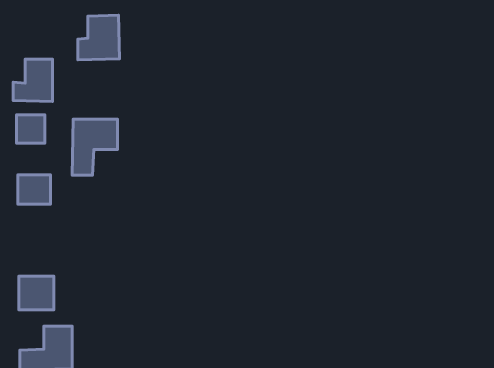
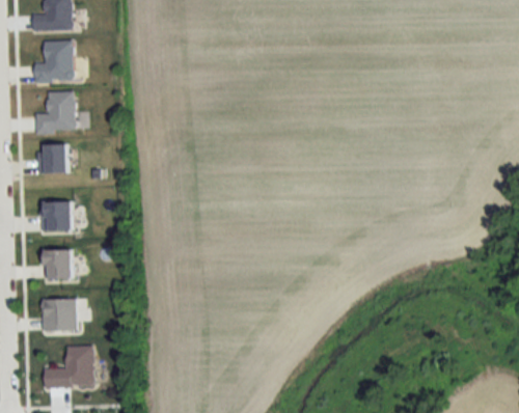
building: [78,15,119,60] -> [34,40,74,83]
building: [72,119,117,175] -> none
building: none -> [40,249,72,278]

